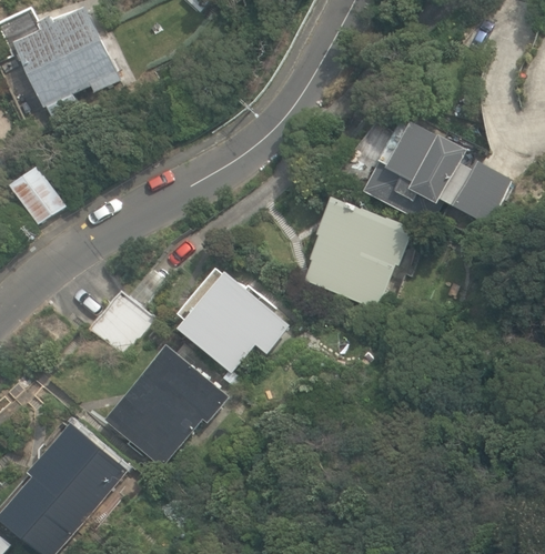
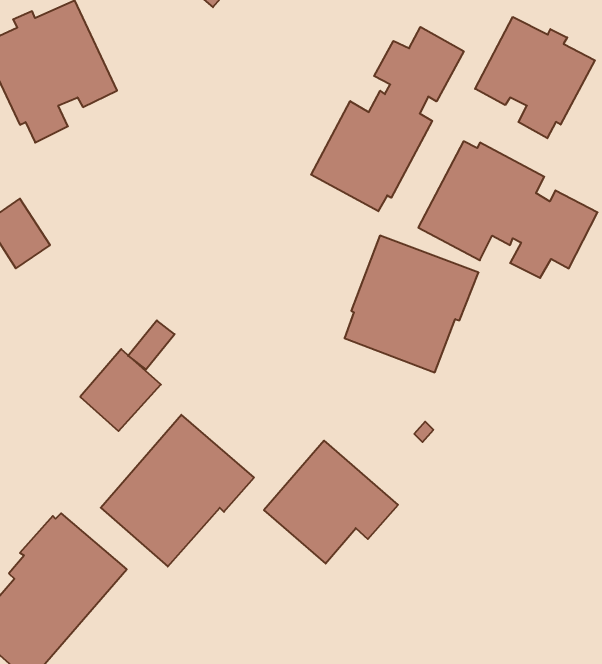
building: none -> [475,17,595,138]
building: none -> [311,27,464,211]
building: [180,273,289,373] -> [264,441,398,564]

